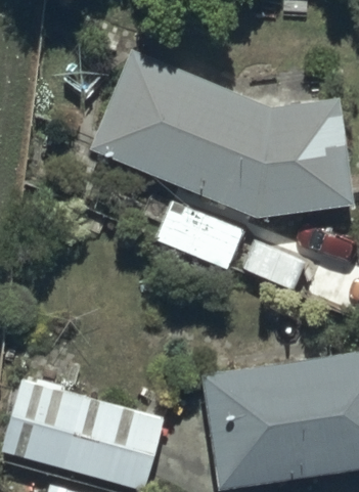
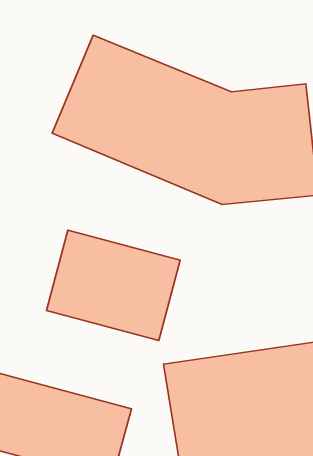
building: none -> [47,230,180,341]

